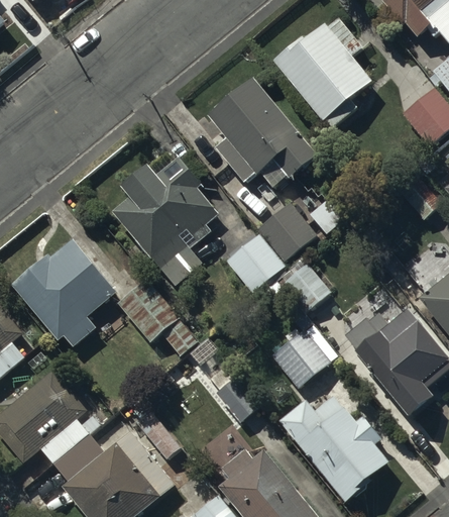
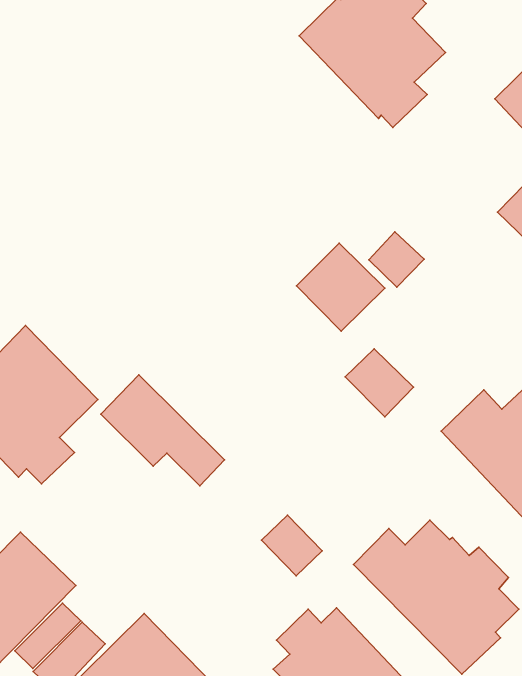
building: [206,75,315,187] -> none
building: [111,154,218,284] -> none
building: [225,233,285,294] -> none
building: [270,323,337,389] -> none

